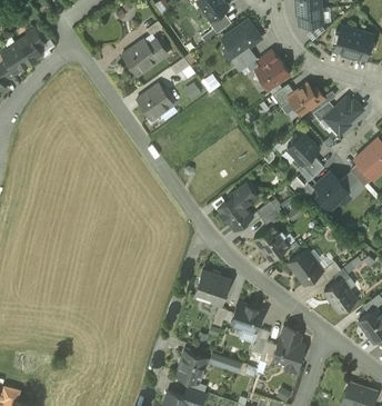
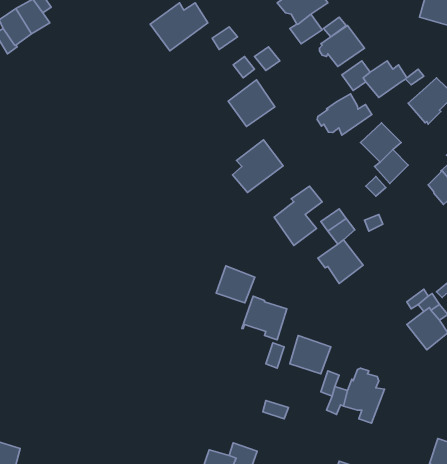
building: [137,83,173,120] -> [228,80,275,126]
building: none -> [317,94,372,135]
building: none -> [233,140,283,192]
building: [314,172,344,209] -> none
building: none -> [216,266,255,303]
building: [288,250,321,286] -> none
building: [177,350,205,383] -> none

